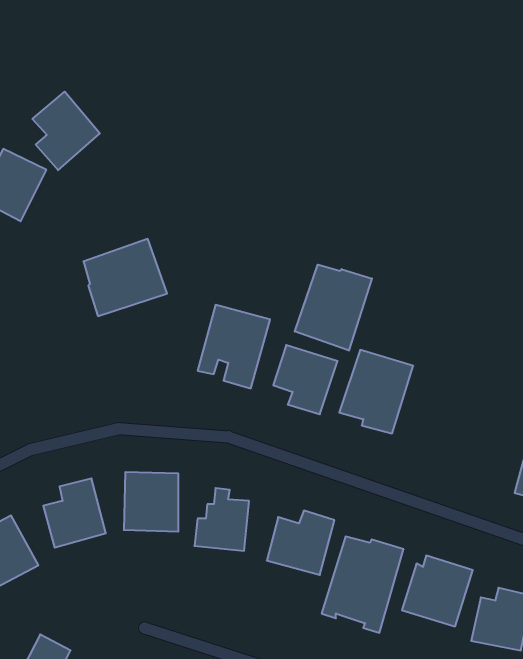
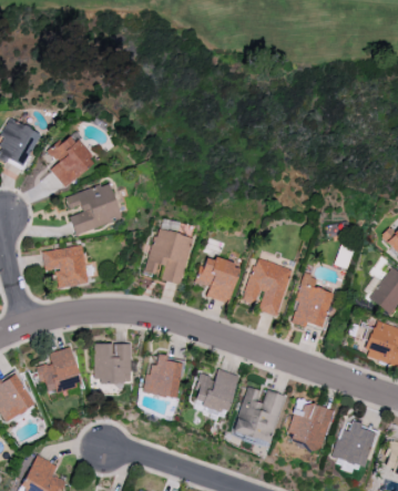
building: [32,92,100,170] -> [48,133,94,187]
building: [295,265,372,351] -> none
building: none -> [42,244,90,289]
building: none -> [290,275,333,328]

